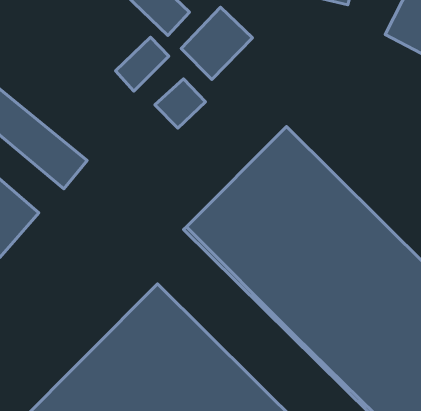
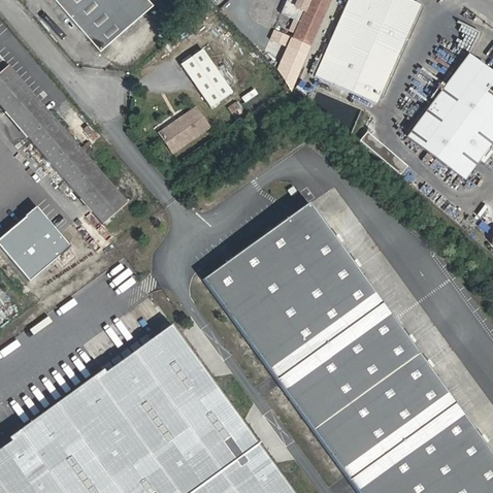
building: [181,7,252,79] -> none
building: [155,79,205,128] -> none

